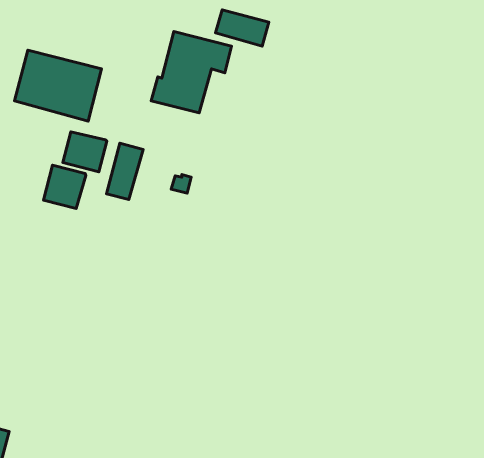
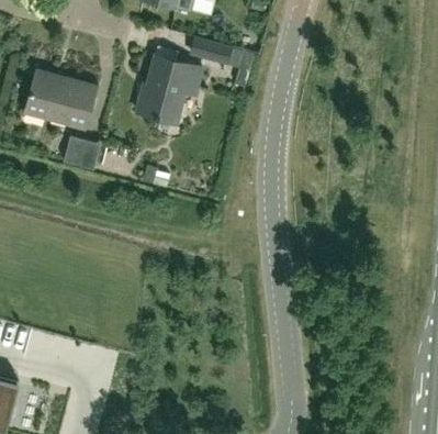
building: [107,143,143,199] -> none
building: [44,165,86,208] -> none

